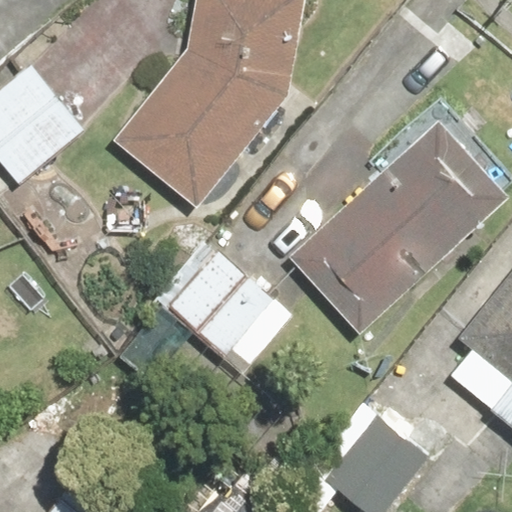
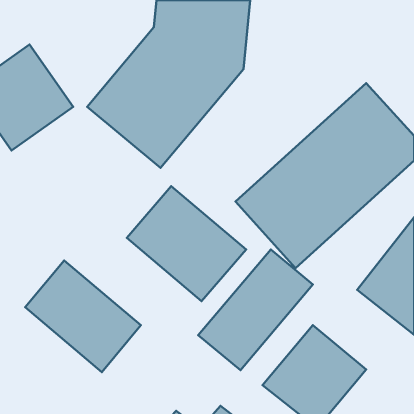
building: none -> [198,249,313,370]
building: none -> [25,260,141,372]

